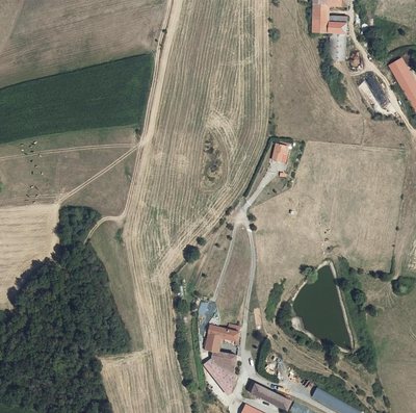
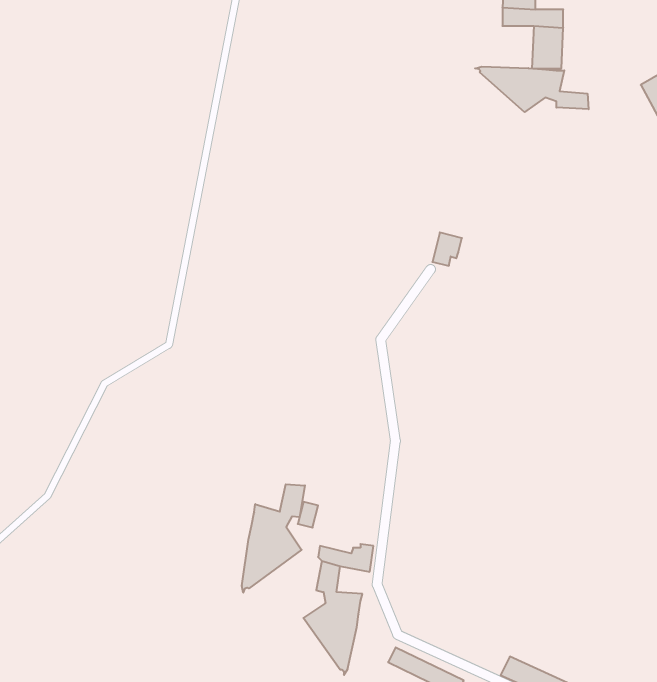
building: none -> [475,67,589,112]
building: none -> [242,484,305,593]

